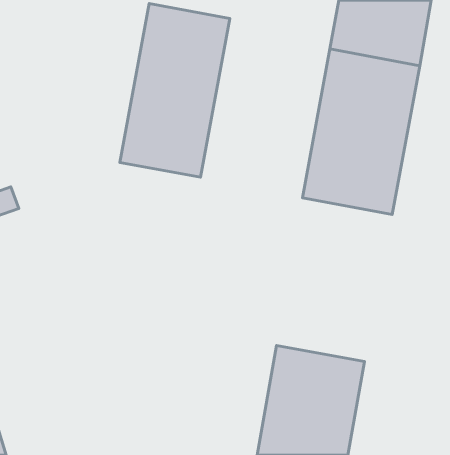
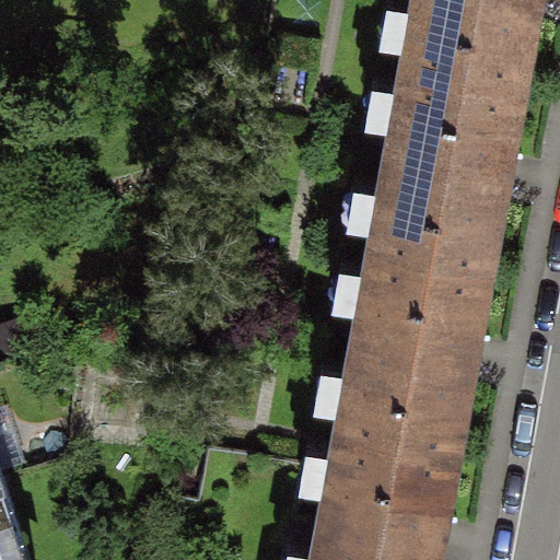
building: [120,4,230,177] -> none
building: none -> [340,243,482,444]

